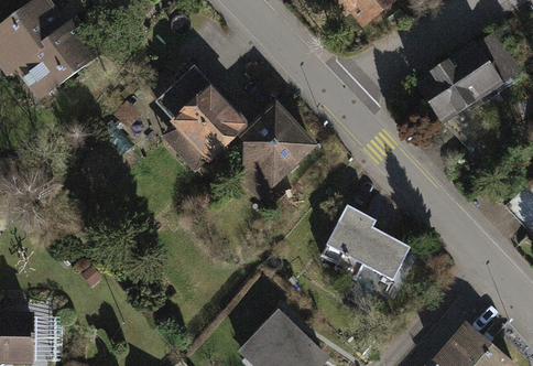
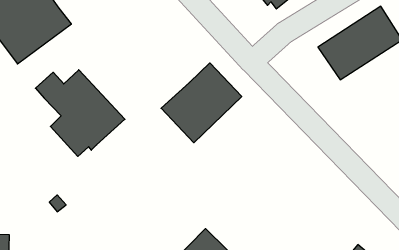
building: [144,63,255,171] -> [35,70,125,156]
building: [320,204,409,279] -> none

